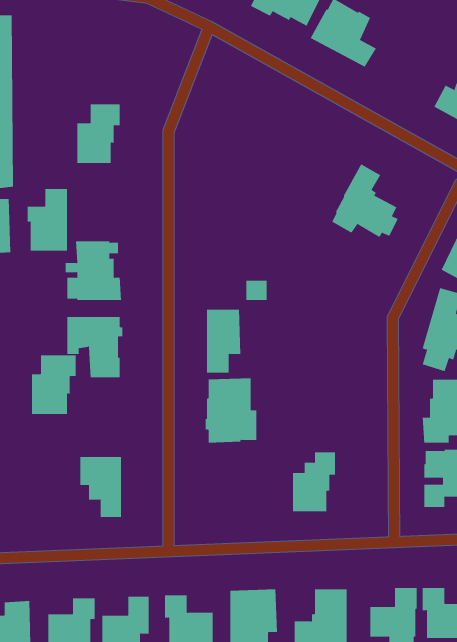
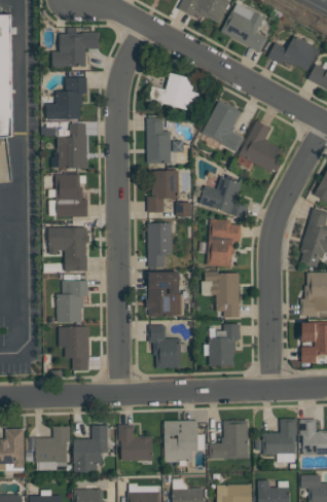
building: none -> [52,27,100,66]
building: none -> [267,35,319,70]
building: none -> [148,72,199,109]
building: none -> [202,99,245,151]
building: none -> [147,117,172,163]
building: [27,189,68,251] -> [58,123,86,168]
building: none -> [147,170,179,212]
building: none -> [199,175,250,218]
building: none -> [207,218,242,266]
building: [31,355,76,415] -> [57,280,88,322]
building: none -> [205,271,240,317]
building: none -> [149,325,188,367]

